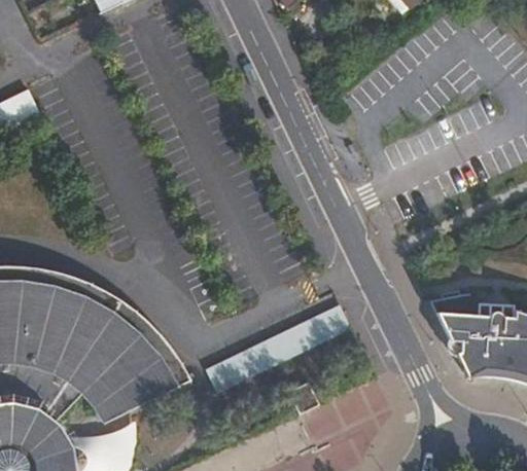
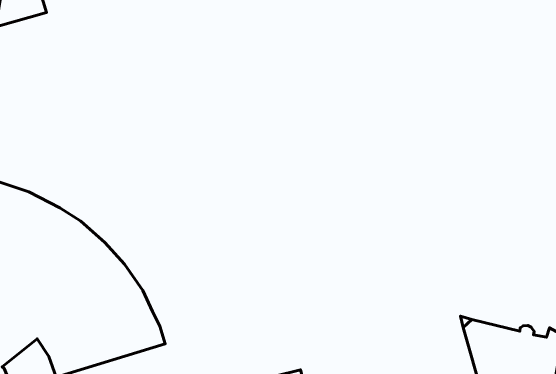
building: [205,304,351,393] -> none

